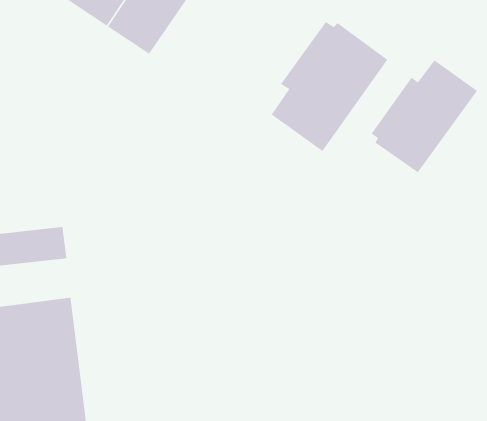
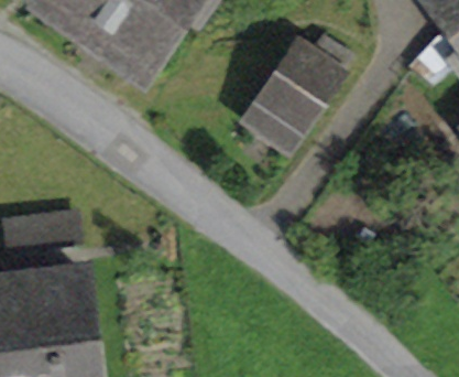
building: [371,59,478,173] -> none

